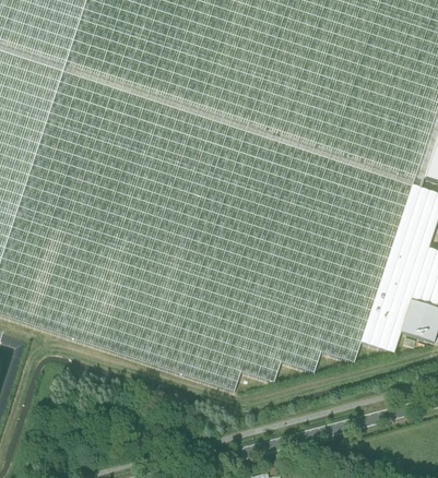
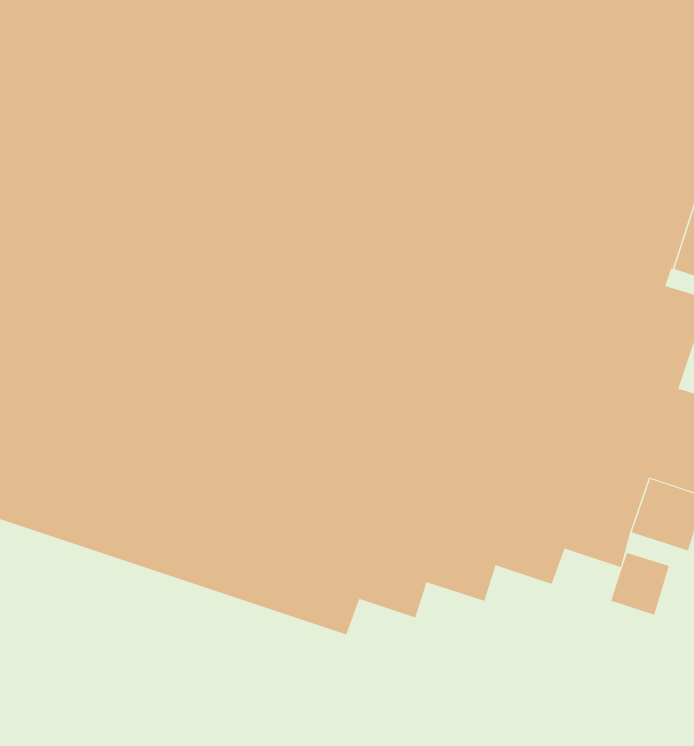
building: none -> [610,552,670,615]

